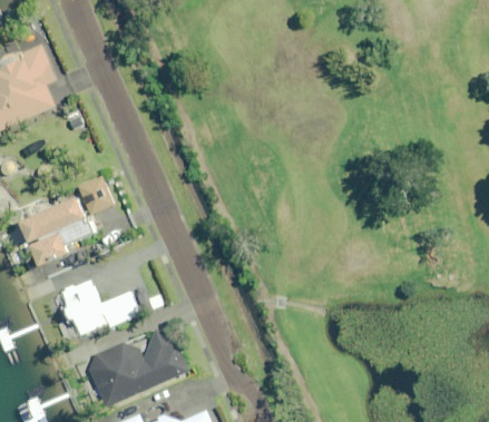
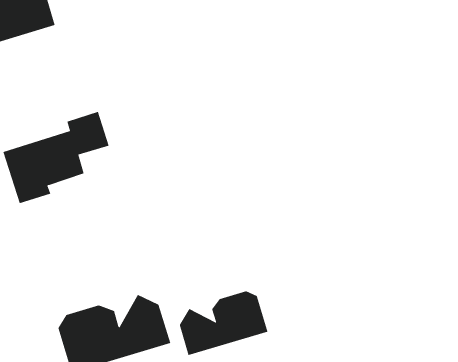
building: [53,278,139,340] -> none
building: none -> [179,290,268,356]

